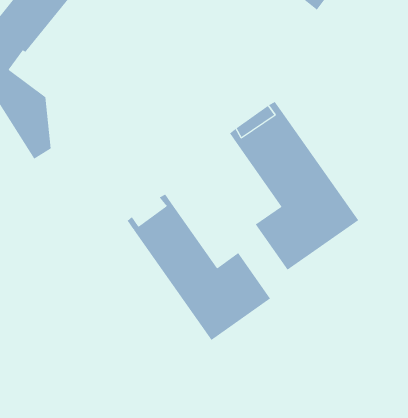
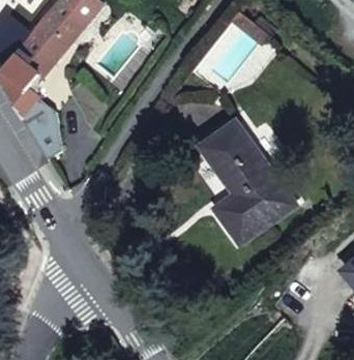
building: [127,194,271,341] -> none

